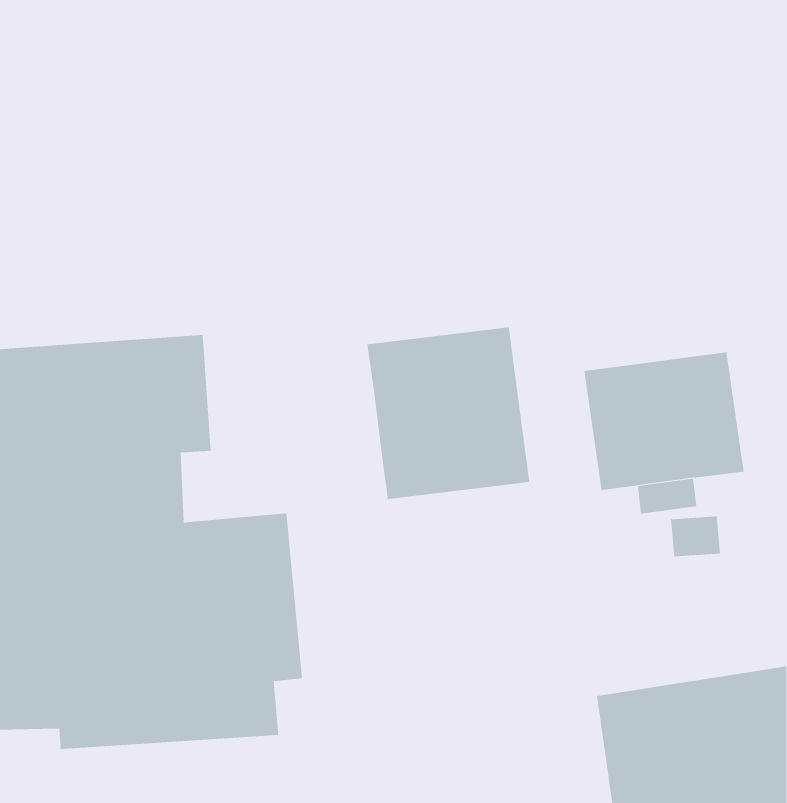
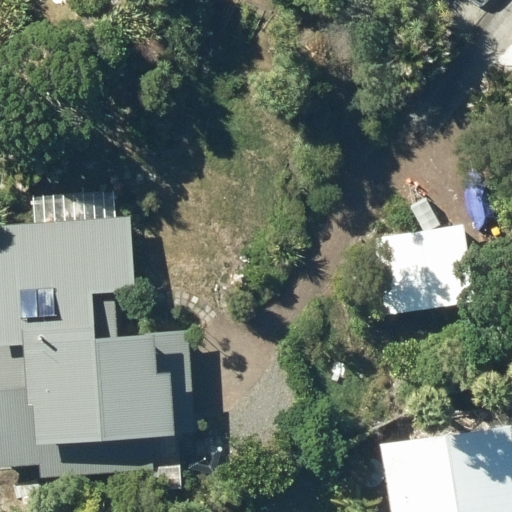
building: [367,327,530,500] -> none

